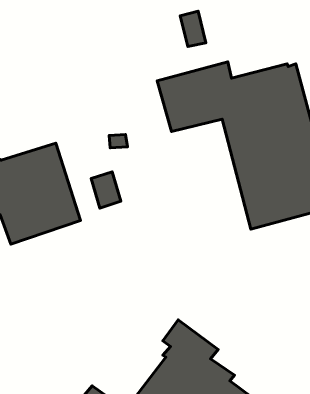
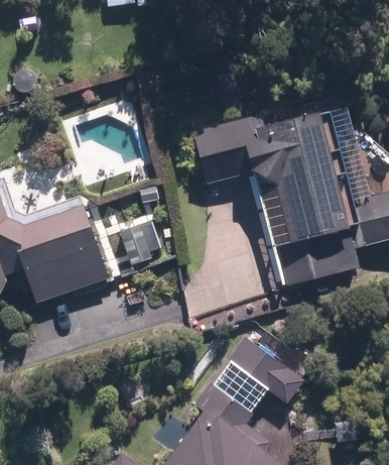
building: none -> [227,337,305,404]

